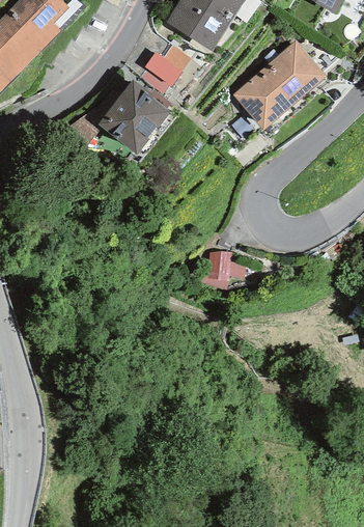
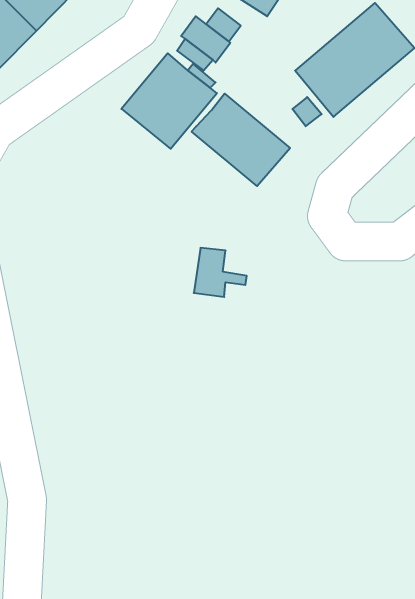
building: none -> [192,94,290,186]
building: [206,244,248,282] -> [194,248,247,297]

